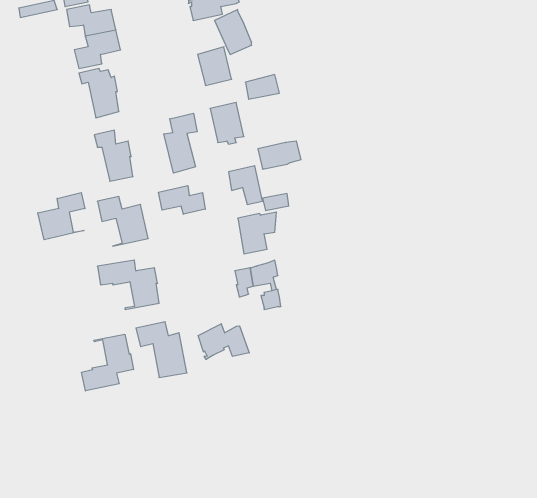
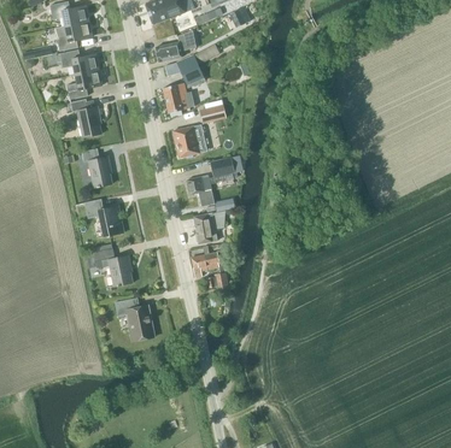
building: [164,113,197,173] -> none
building: [159,186,205,214] -> none
building: [38,193,85,240] -> none
building: [198,324,249,359] -> none
building: [82,334,133,391] -> none

